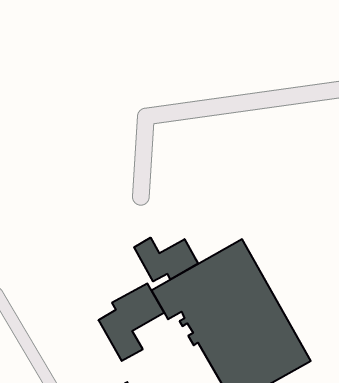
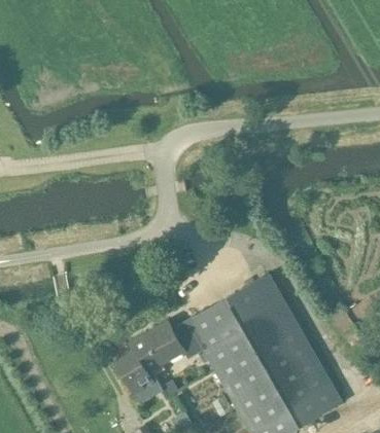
building: [134,238,198,281] -> none

